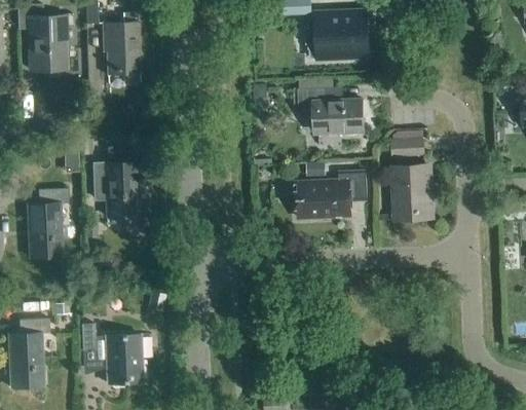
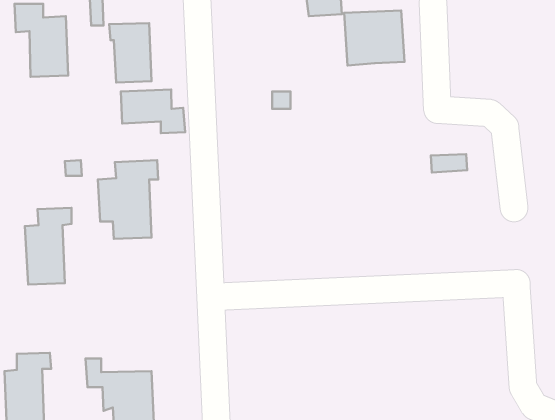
building: [299,78,365,134] -> none
building: none -> [121,89,185,133]
building: [393,166,433,220] -> none
building: [298,171,367,218] -> none

